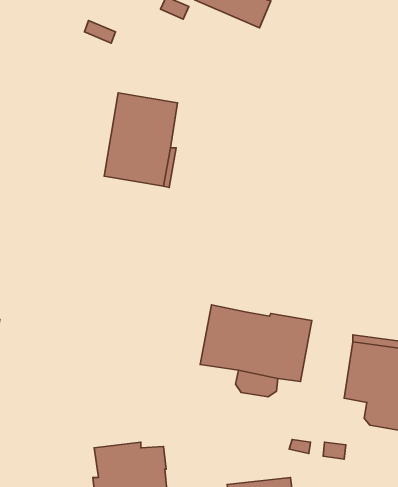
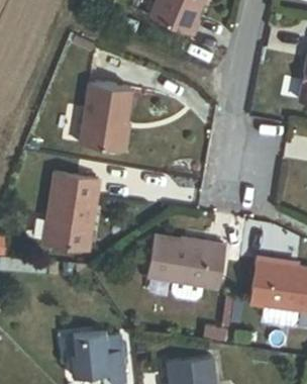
building: none -> [44,172,100,250]

